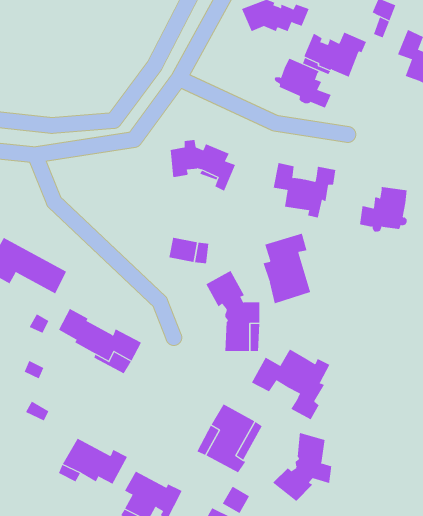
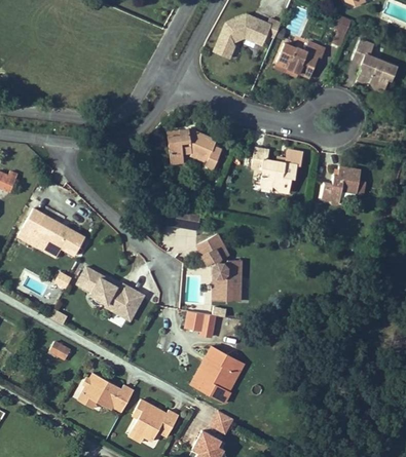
building: none -> [214,25,235,60]
building: [274,58,331,108] -> none
building: [263,233,311,304] -> none
building: [251,349,330,420] -> none
building: none -> [184,310,214,336]
building: [272,432,332,502] -> none

